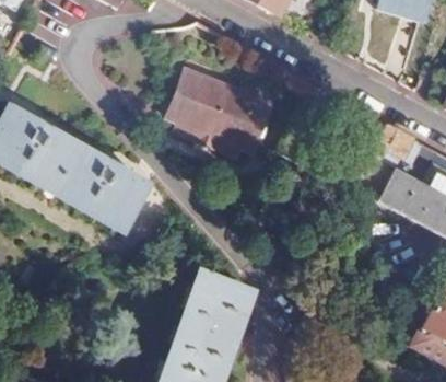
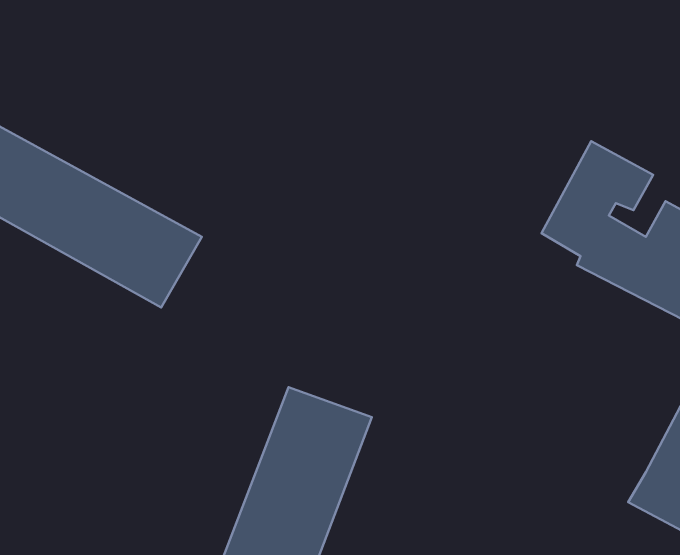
building: [169,69,271,159] -> none

